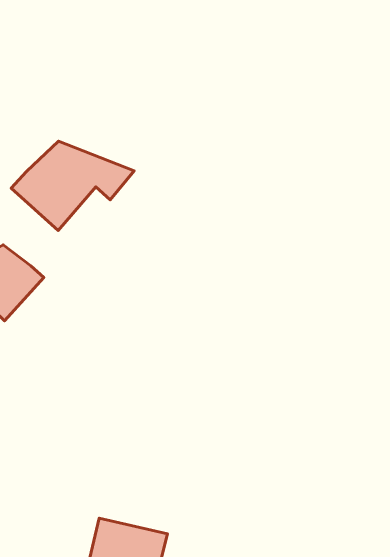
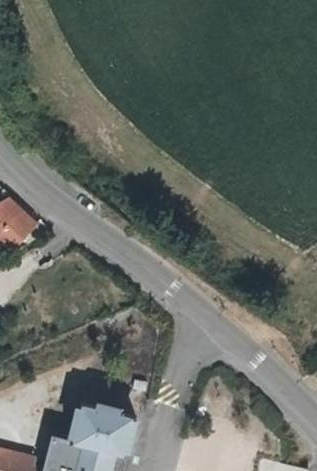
building: [11,141,134,231] -> none

